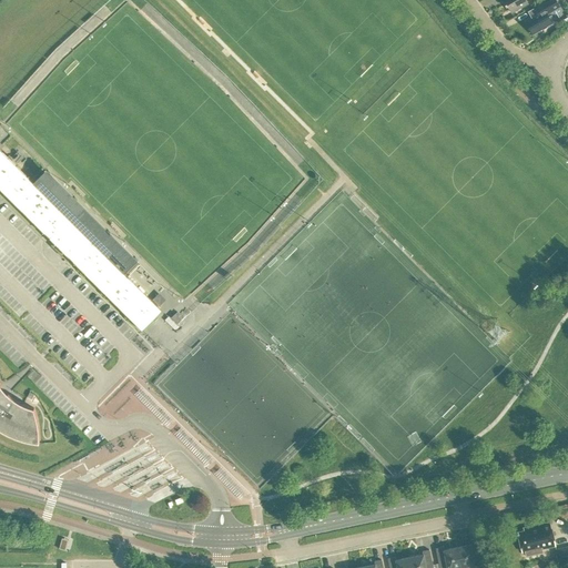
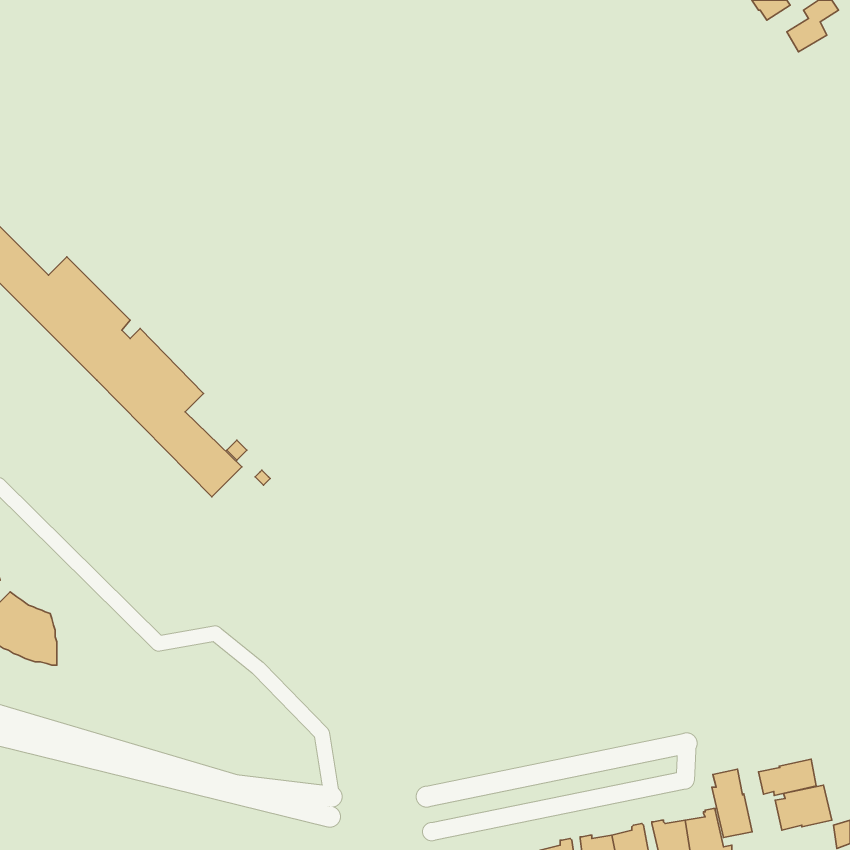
building: none -> [758,759,816,795]
building: none -> [712,769,752,838]

